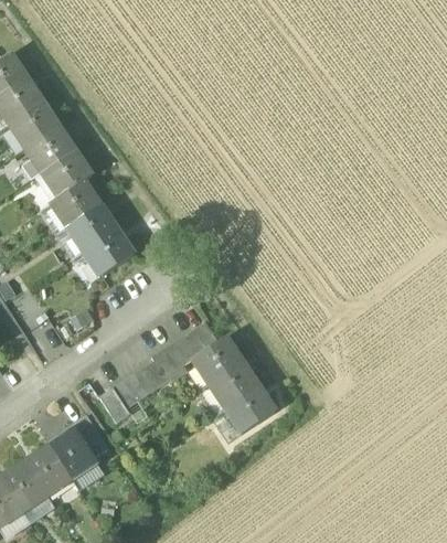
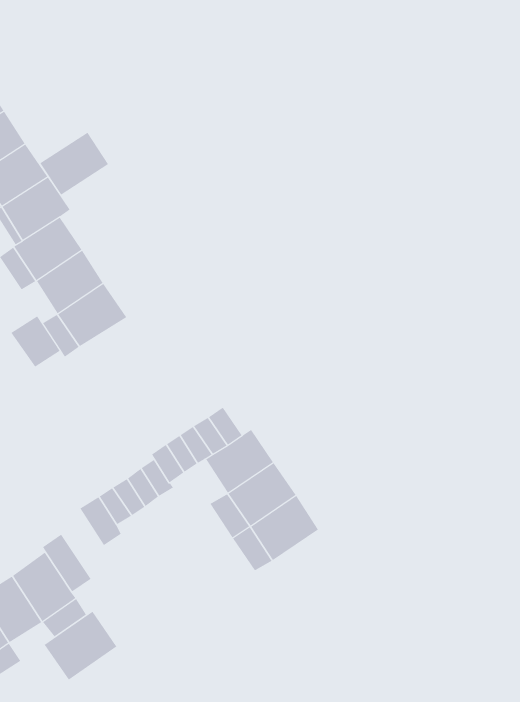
building: none -> [40,132,109,196]
building: none -> [11,316,60,368]
building: none -> [44,611,117,680]

